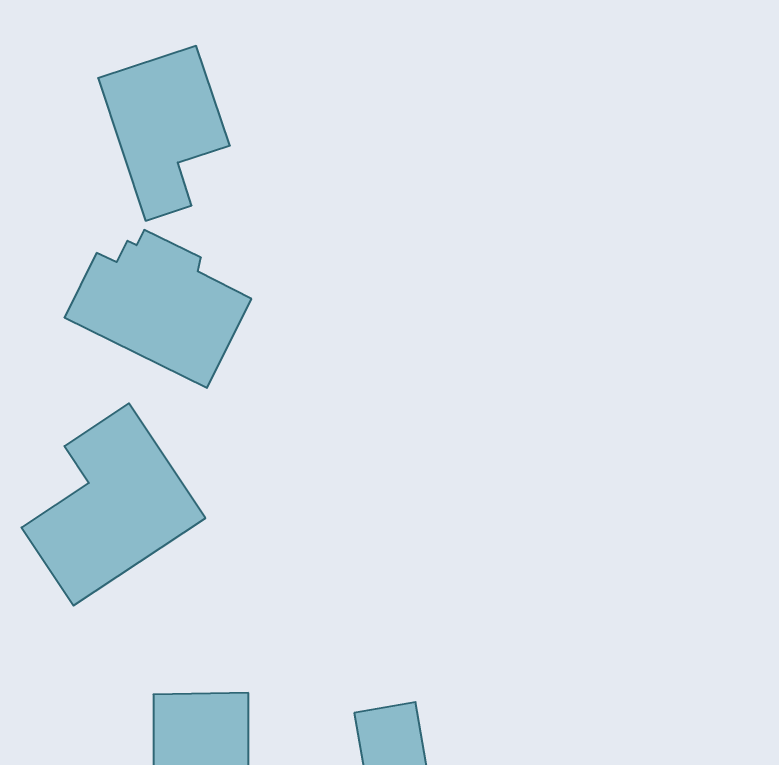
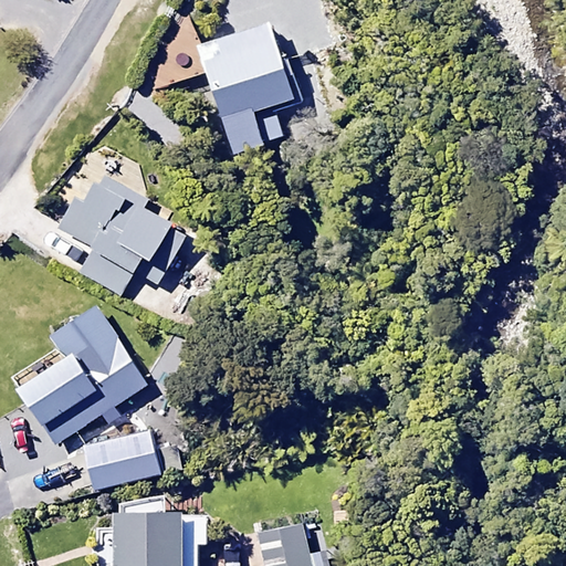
building: [98,46,230,221] -> [197,25,292,151]
building: none -> [87,429,163,489]

